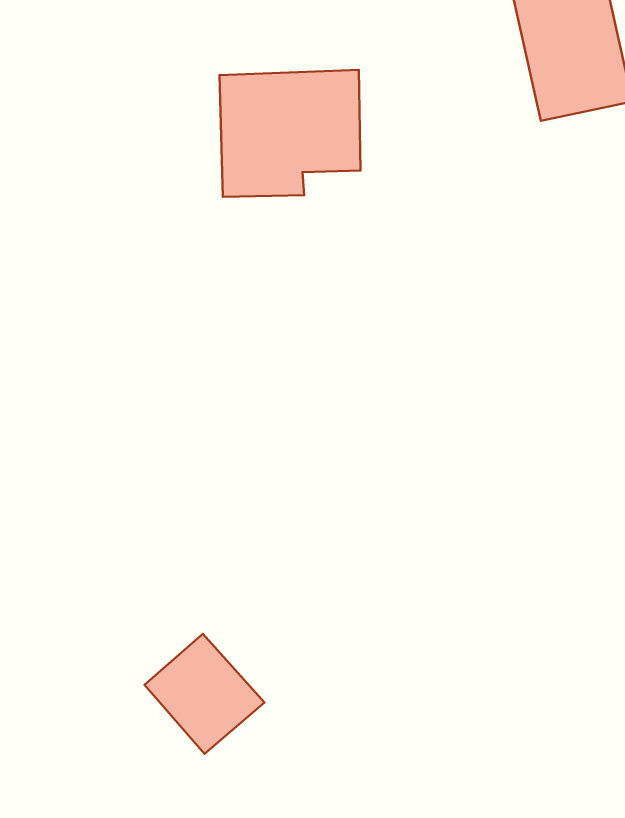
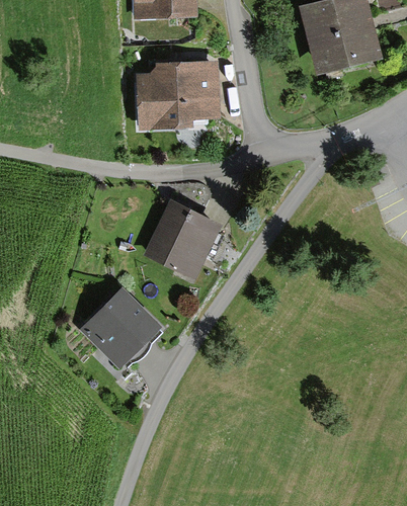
building: none -> [148,201,220,272]
building: [145,634,265,754] -> [92,287,161,356]

